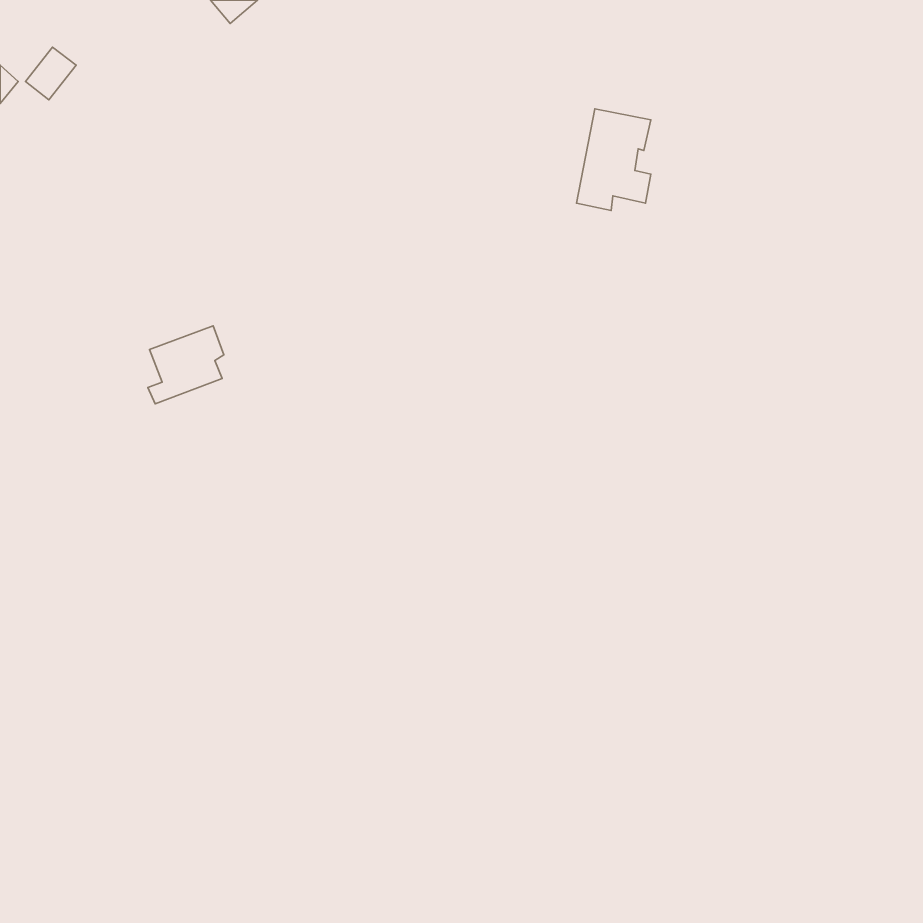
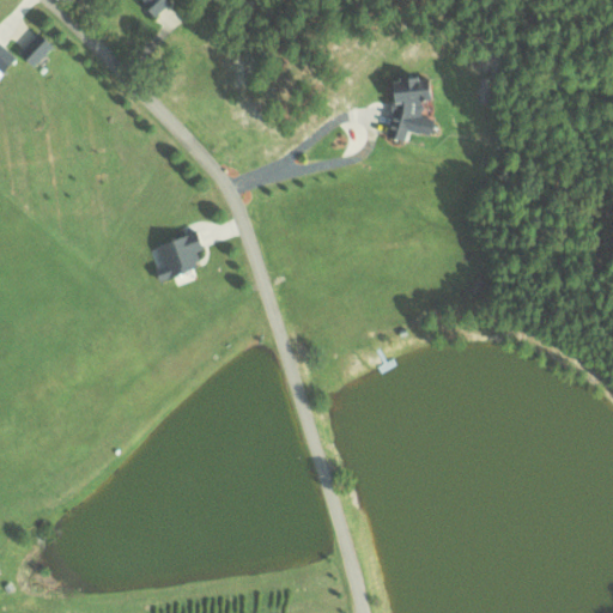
building: [148,326,224,404] -> [153,230,204,281]

